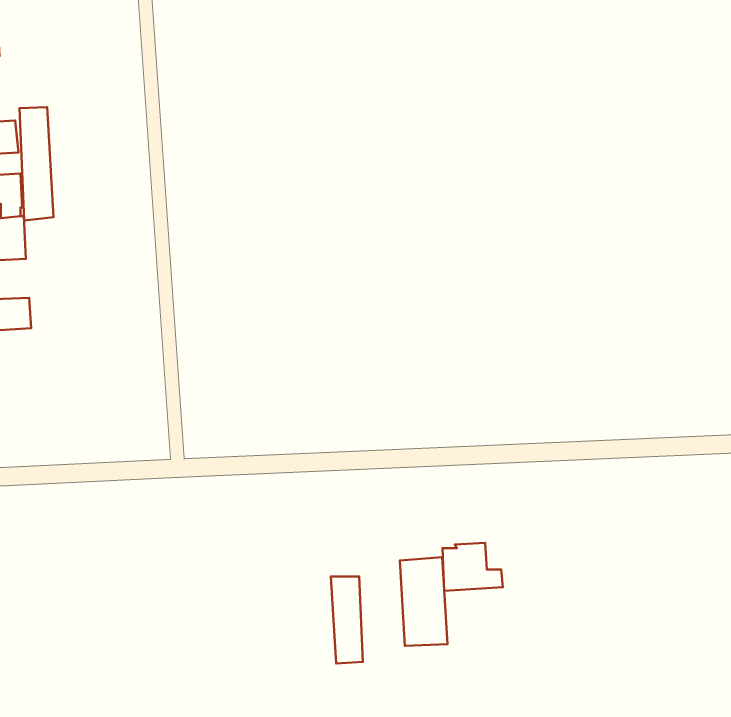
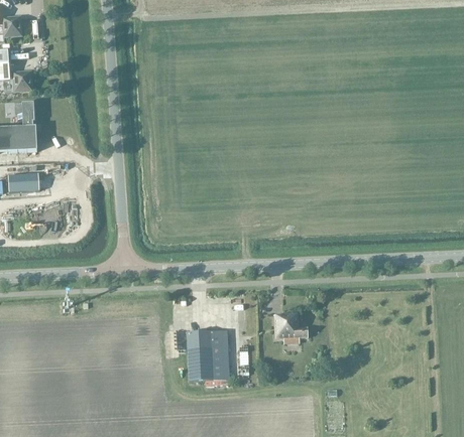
building: [19,107,54,221] -> none
building: [400,557,448,646] -> [186,330,213,381]

